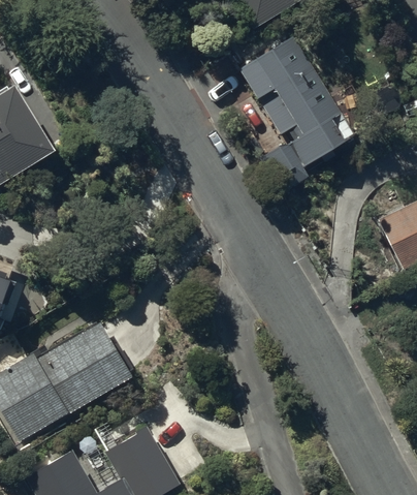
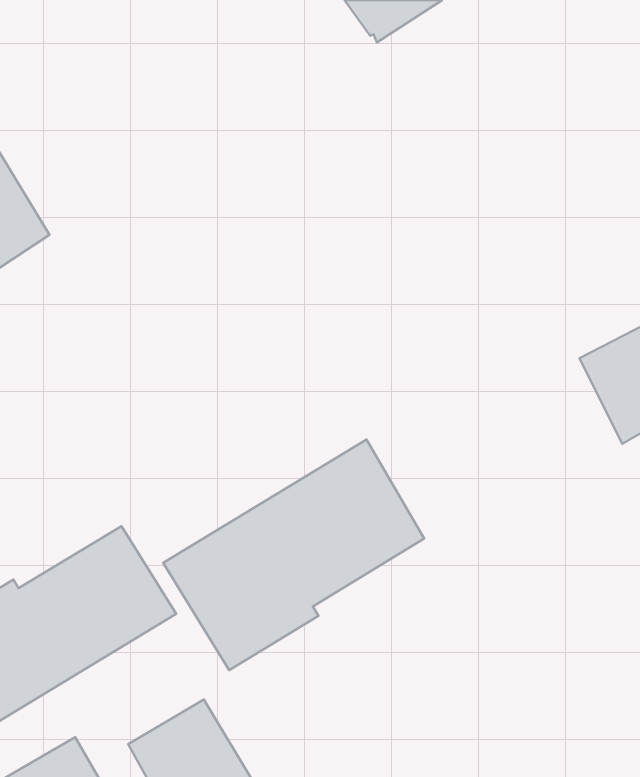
building: [239,35,355,168] -> none
building: none -> [163,440,424,670]

